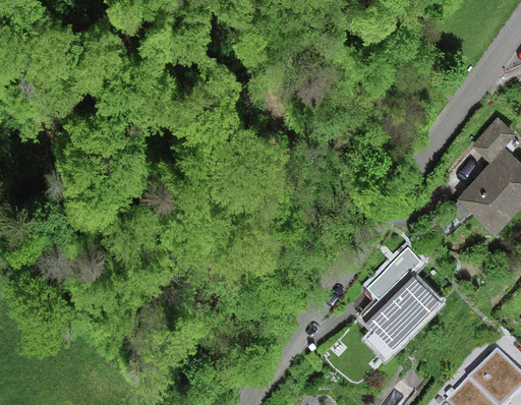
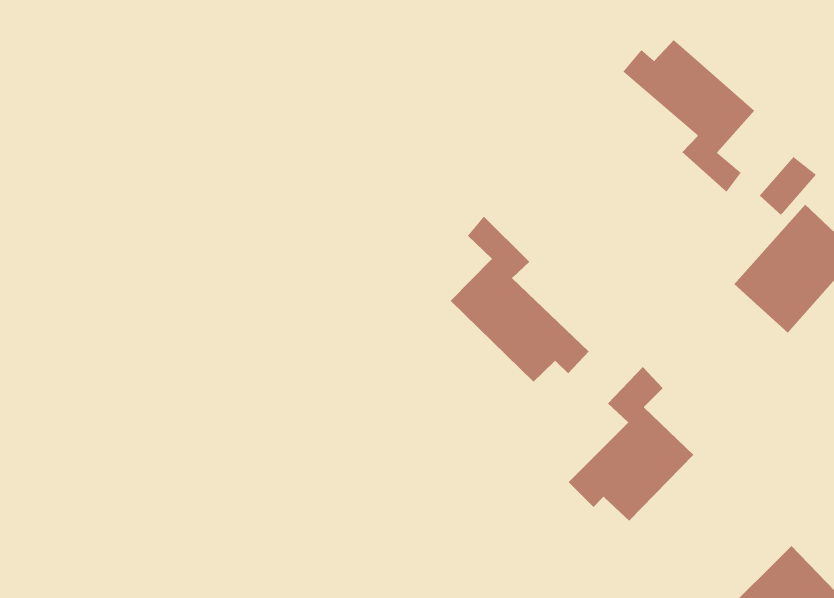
building: none -> [622,39,755,192]
building: none -> [450,216,590,382]

